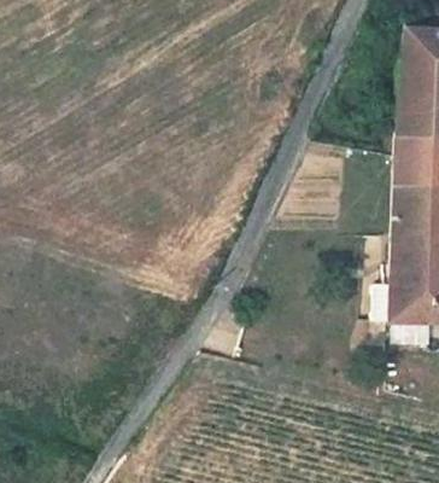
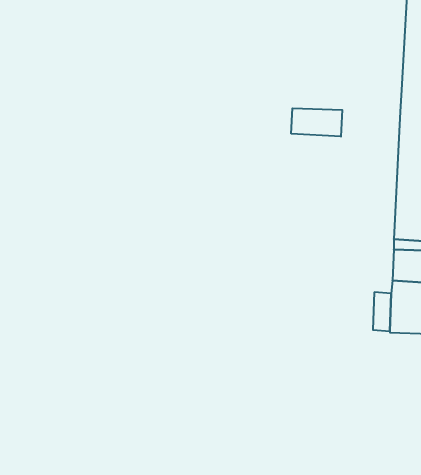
building: none -> [291,108,342,137]

